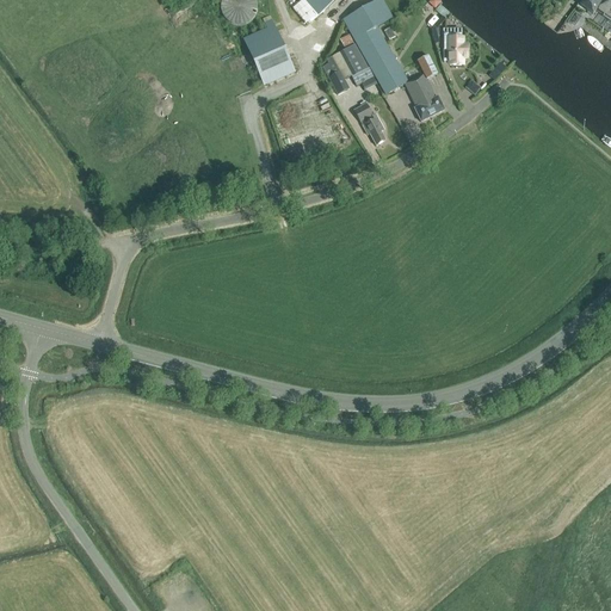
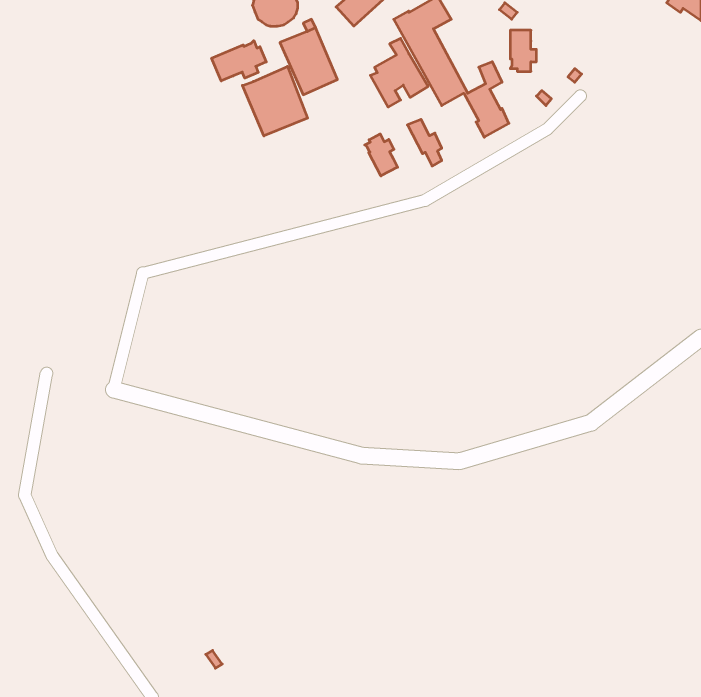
building: none -> [212,41,266,81]
building: none -> [242,66,308,136]
building: none -> [365,134,398,176]

